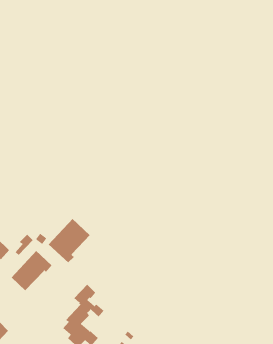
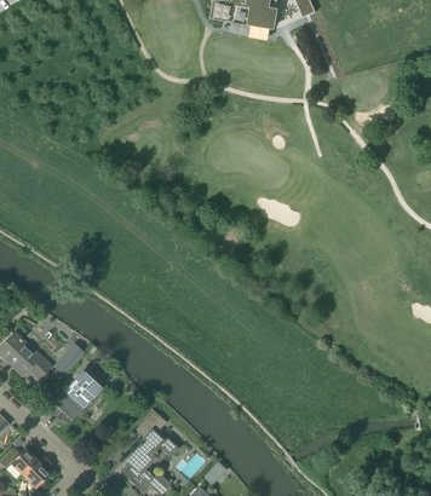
building: [48,218,90,263] -> none

